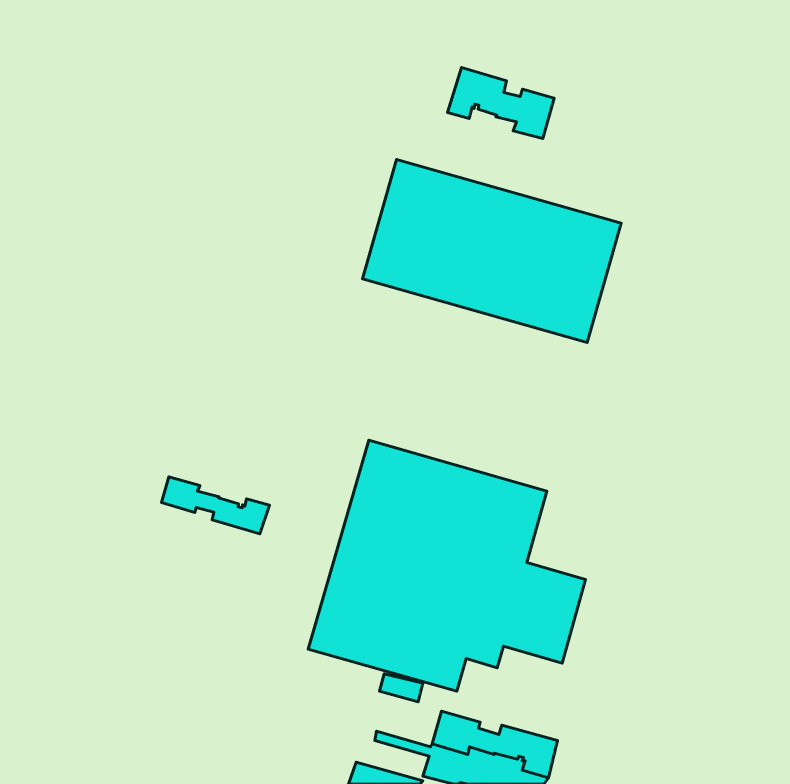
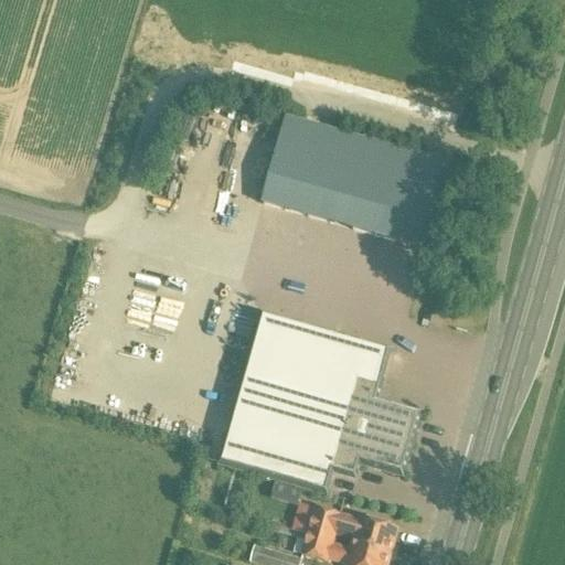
building: [448,67,554,138] -> none
building: [161,477,269,534] -> none

